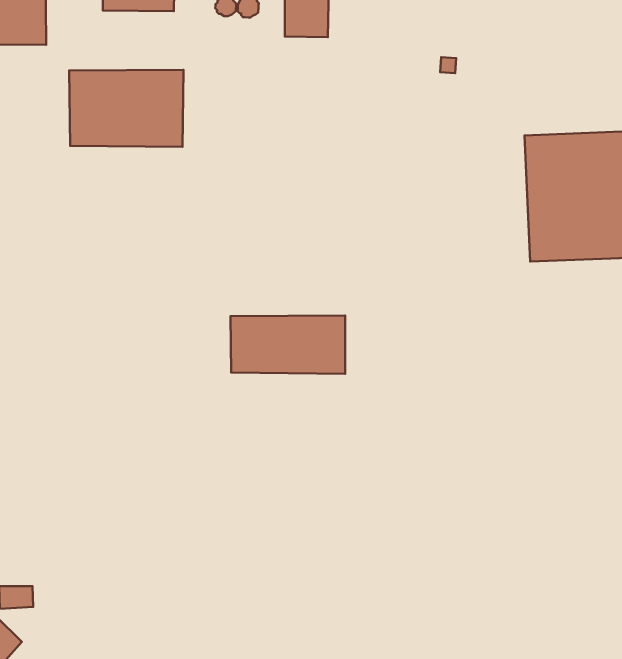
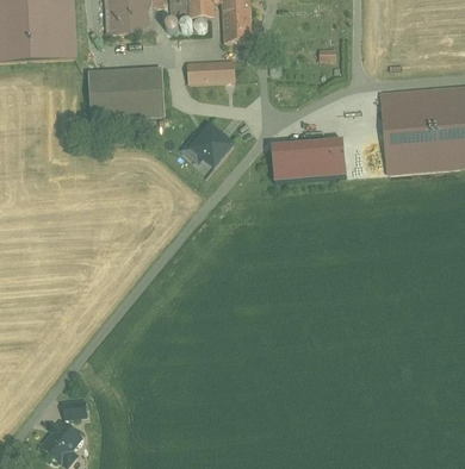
building: none -> [187,61,234,81]
building: none -> [192,125,232,165]
building: [231,316,345,374] -> [278,139,353,180]

